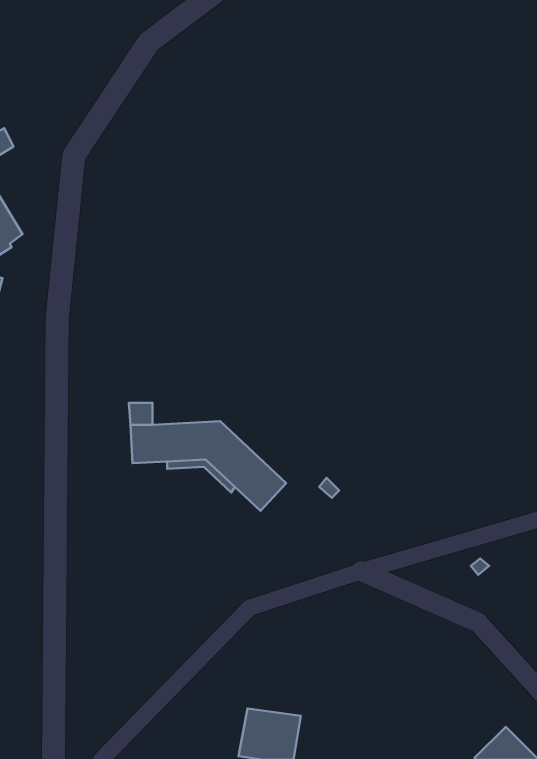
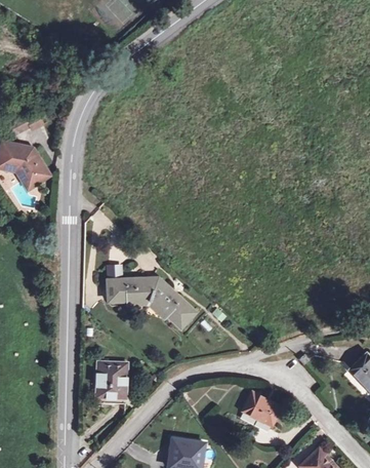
building: none -> [97,361,126,403]
building: none -> [242,392,280,429]

